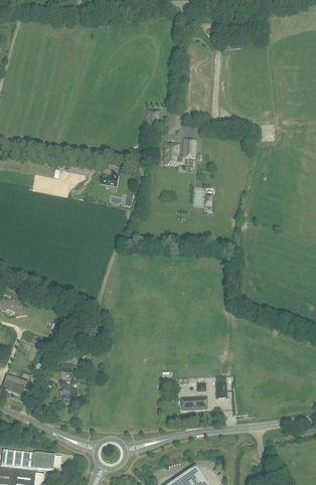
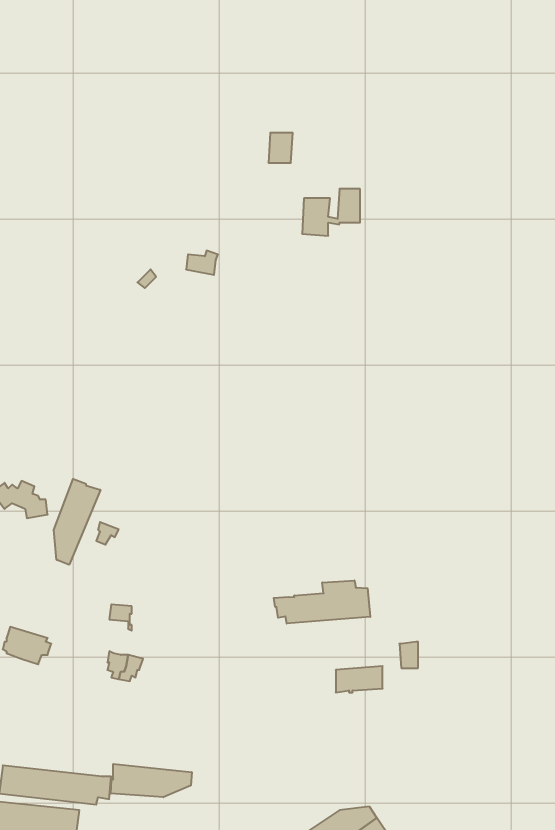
building: none -> [54,479,100,565]
building: none -> [274,580,370,624]
building: none -> [111,764,192,797]

